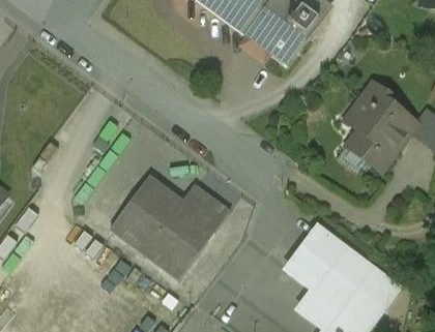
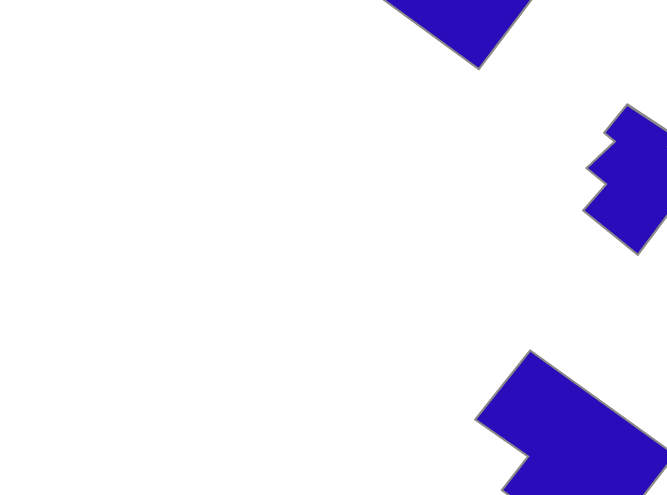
building: [110,175,229,276] -> none

